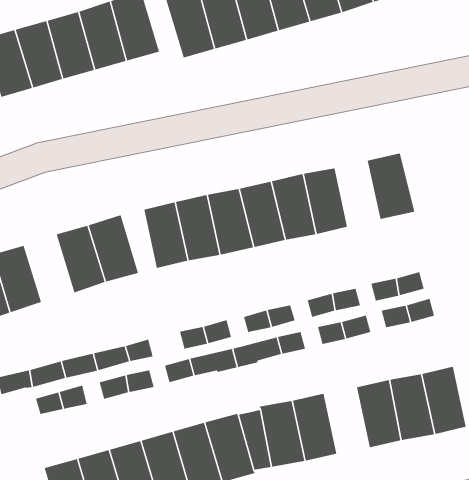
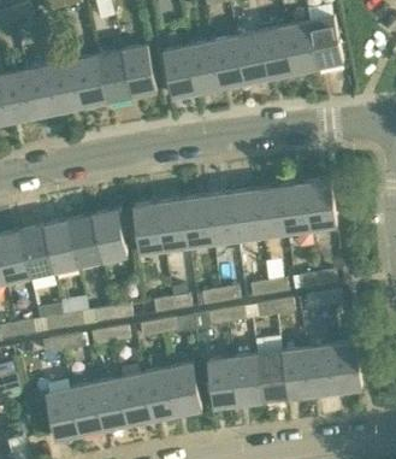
building: none -> [278,184,308,233]
building: none -> [43,220,77,270]
building: none -> [256,352,286,400]

